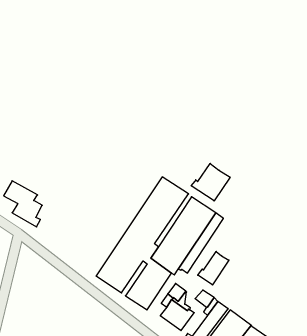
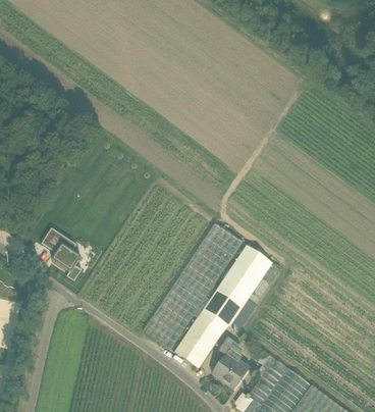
building: [191,163,230,201] -> none
building: [198,251,229,285] -> none

